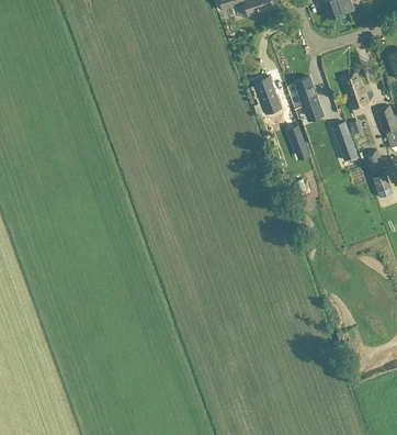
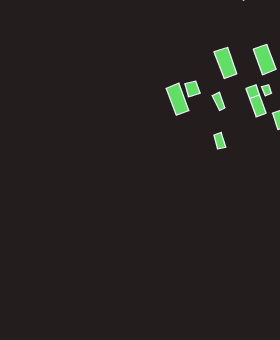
building: [253,75,281,113] -> [166,83,189,115]

